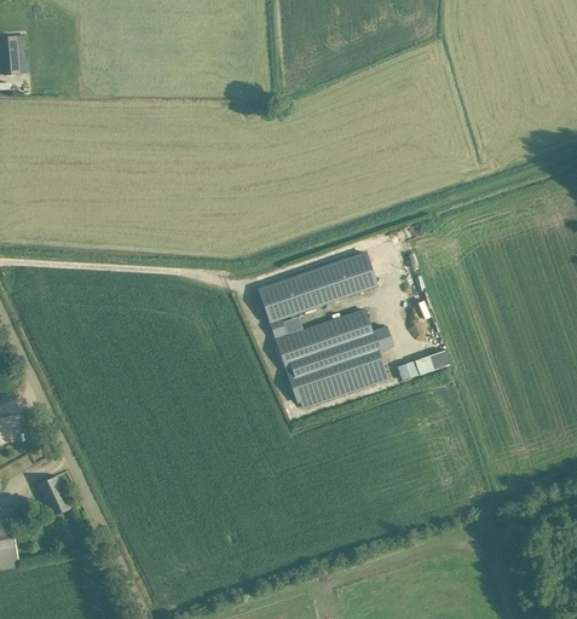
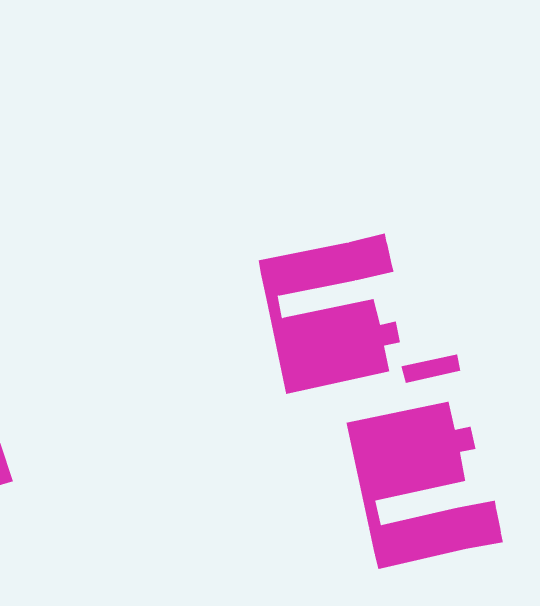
building: none -> [346,401,503,570]

